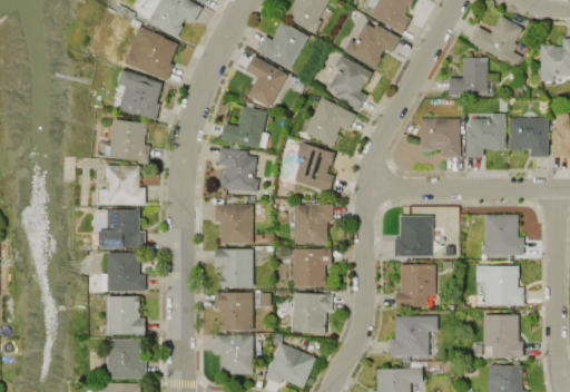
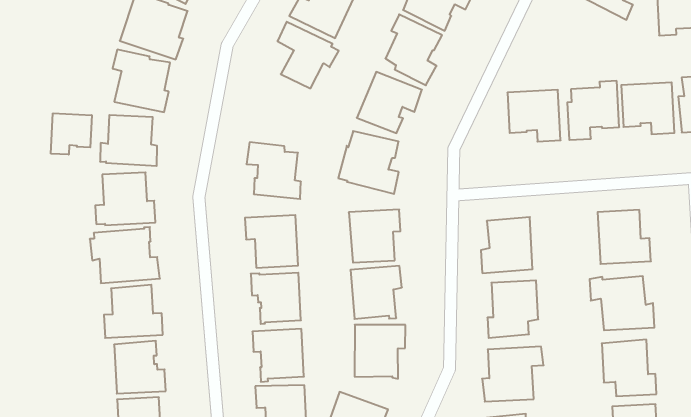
building: [449,57,488,95] -> none
building: [222,107,268,148] -> none
building: none -> [51,113,92,155]

